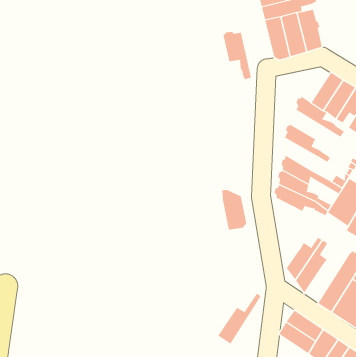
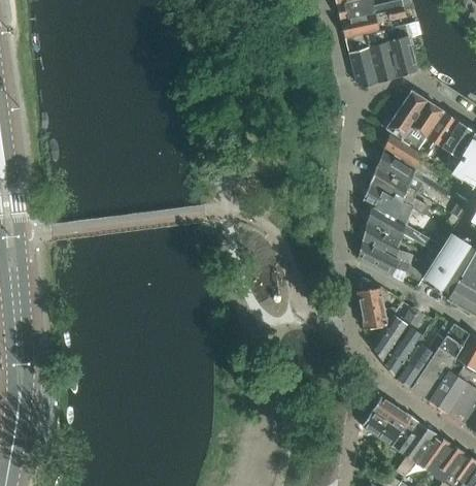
building: [223,31,252,80] -> none
building: none -> [381,92,428,140]
building: none -> [376,150,450,197]
building: none -> [363,184,413,225]
building: [221,189,247,230] -> [358,279,389,329]
building: [218,293,262,345] -> [395,325,449,389]

